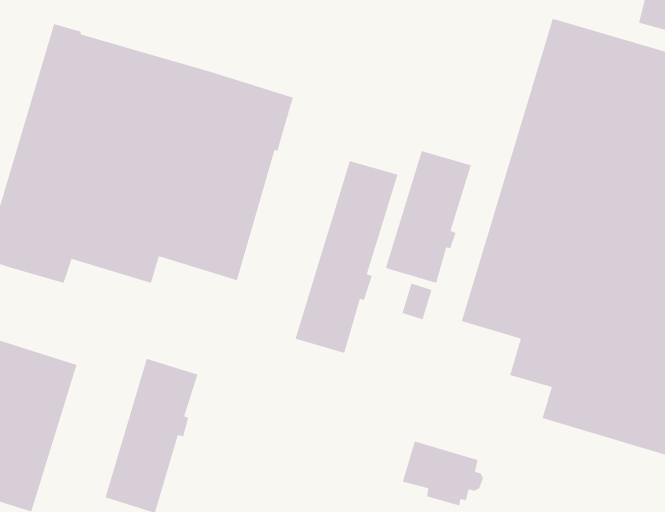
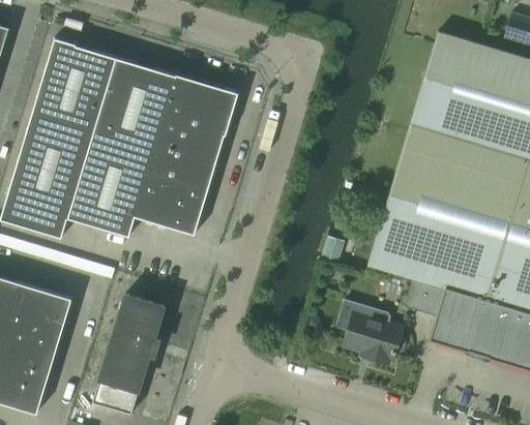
building: [385,150,472,284] -> none
building: [295,160,398,354] -> none
building: [402,441,484,506] -> [343,313,406,364]

